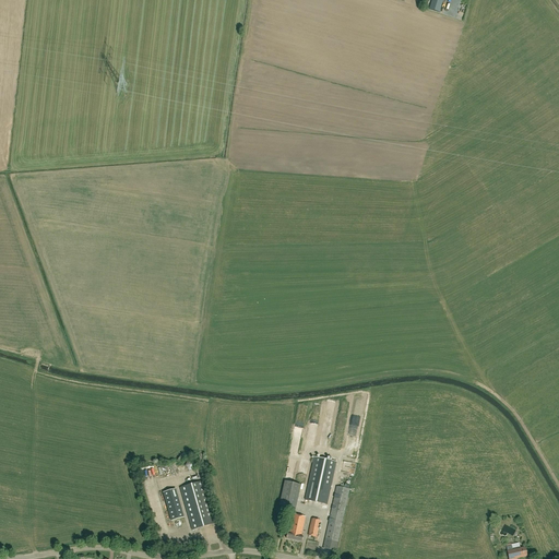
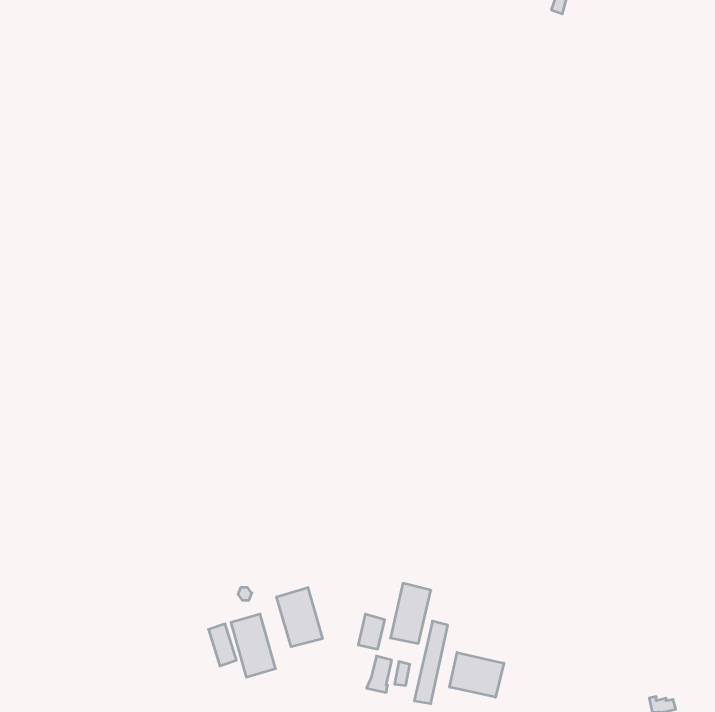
building: none -> [277,587,322,647]
building: none -> [450,652,504,697]

